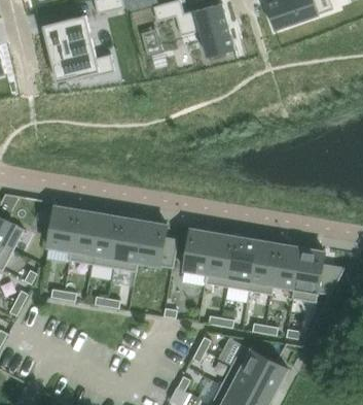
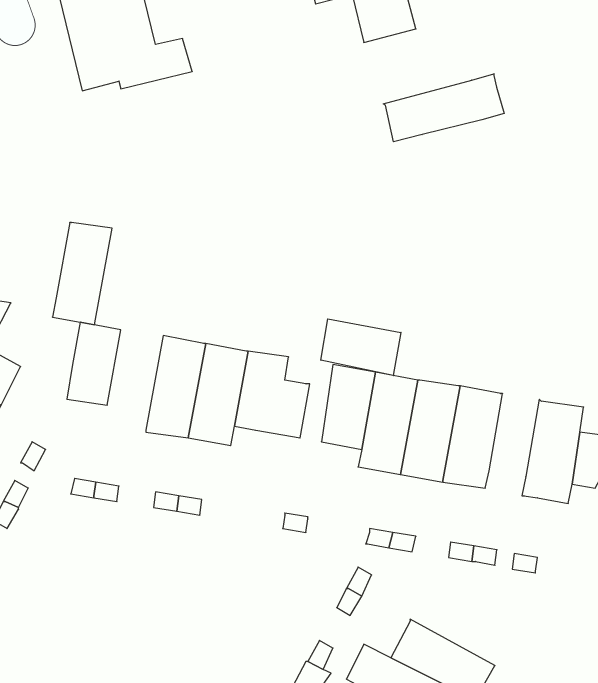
building: none -> [383,74,504,142]
building: none -> [321,319,401,376]
building: [67,210,99,265] -> [52,223,112,325]
building: [273,244,299,289] -> none
building: [230,345,286,390] -> none

